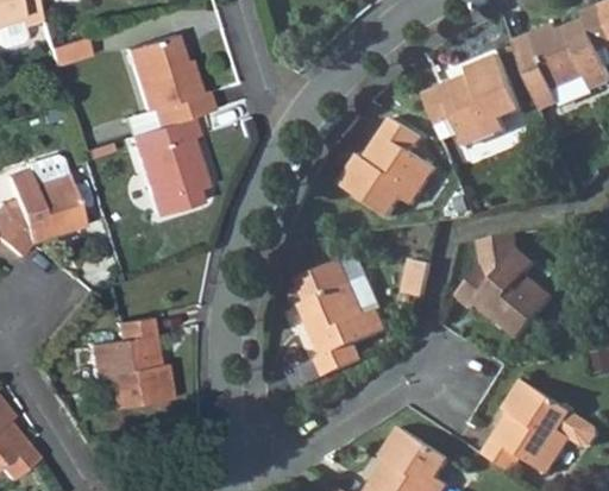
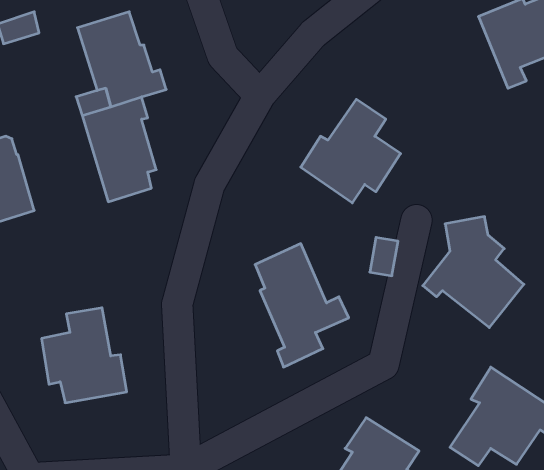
building: [425,61,523,153] -> none

